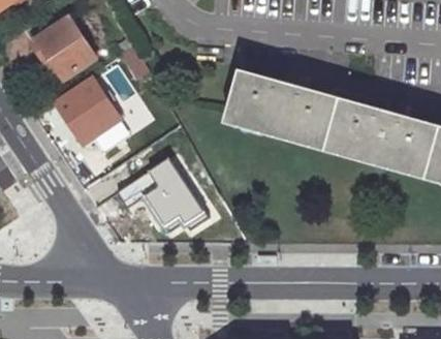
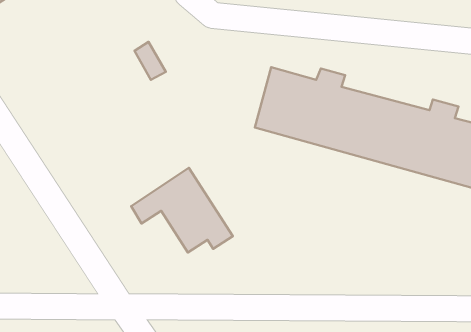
building: [33,19,93,82] -> none
building: [55,80,119,146] -> none

